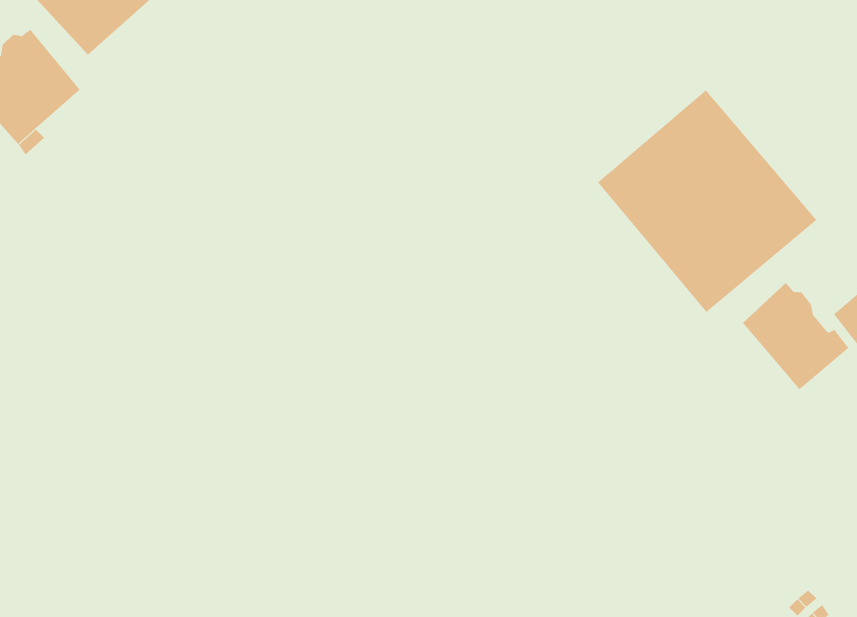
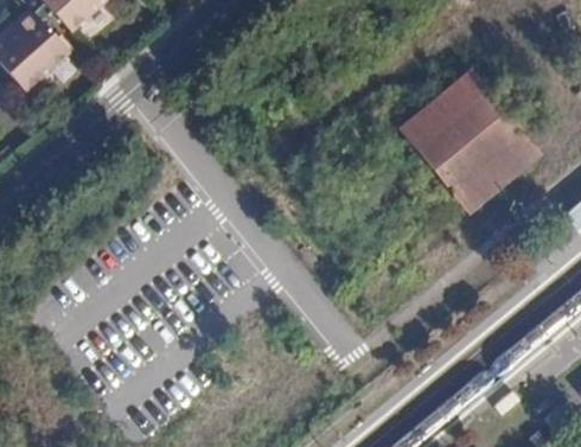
building: [742,282,849,390] -> none

